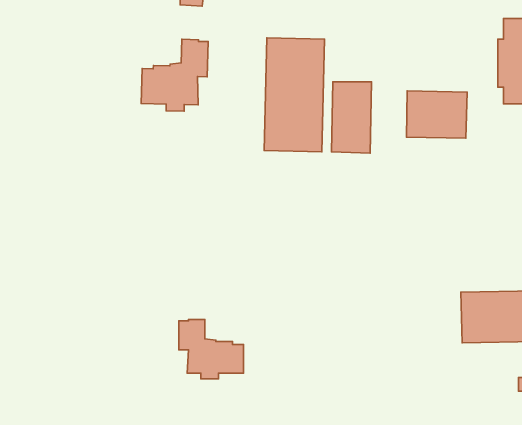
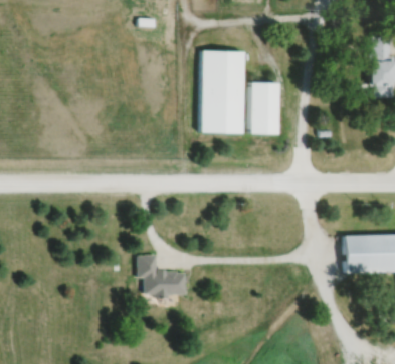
building: [141,39,208,111] -> none
building: [407,91,467,138] -> none

